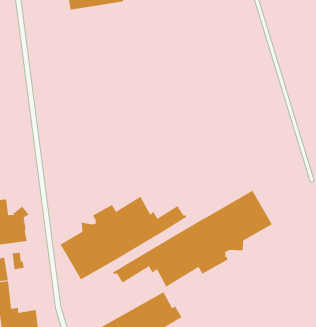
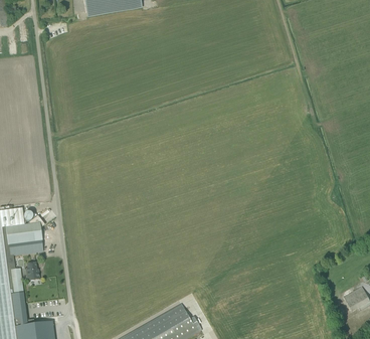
building: [112,190,273,287] -> none
building: [60,196,187,280] -> none

